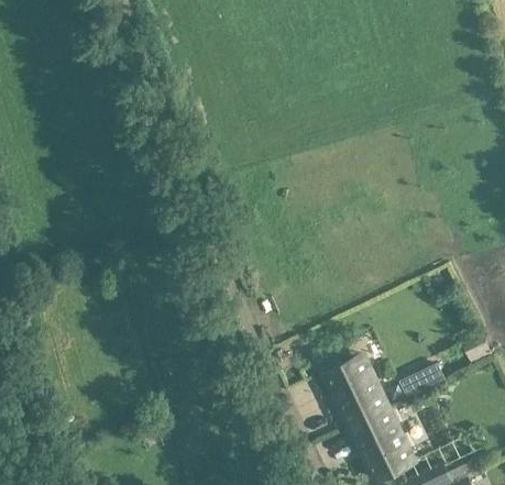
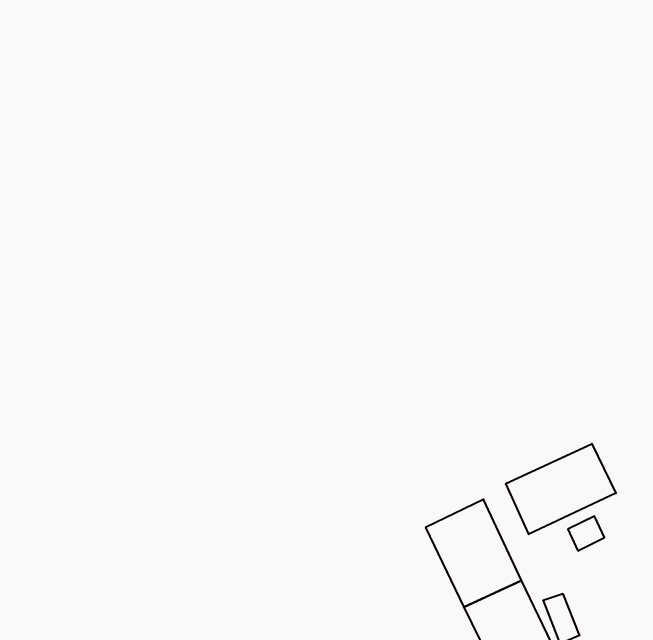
building: none -> [506,444,616,534]

